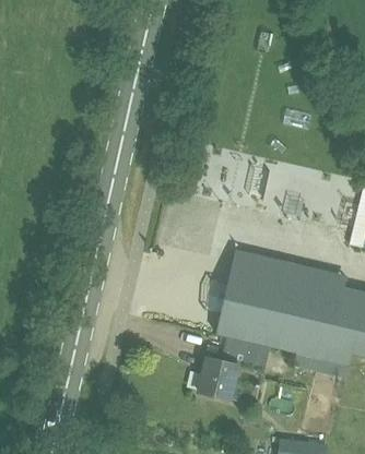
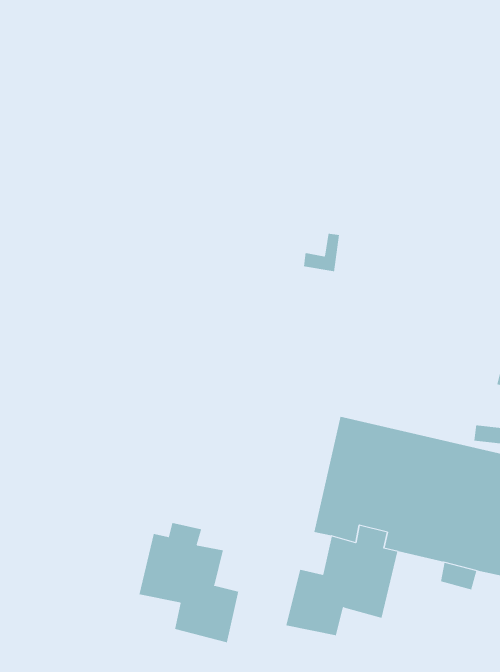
building: none -> [139,522,239,643]

